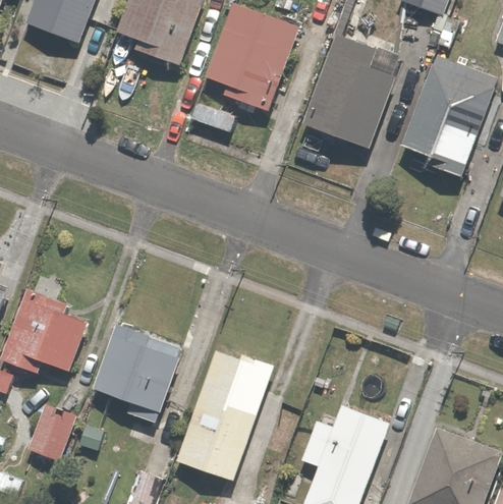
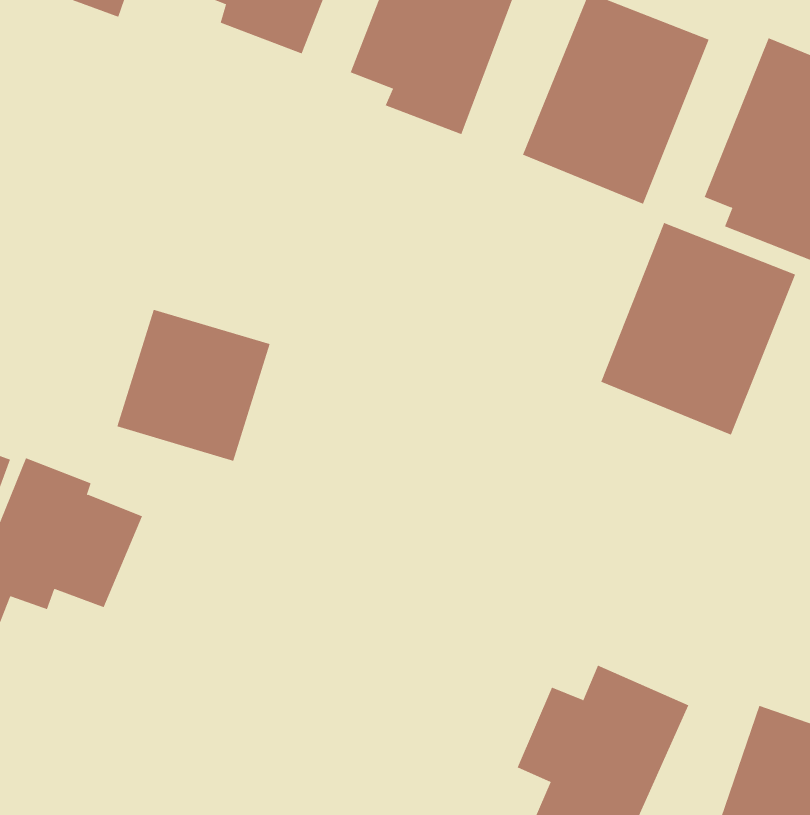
building: none -> [600,222,796,436]
building: [93,324,178,408] -> [116,309,270,461]
building: [176,349,276,482] -> none
building: [25,402,77,462] -> none

